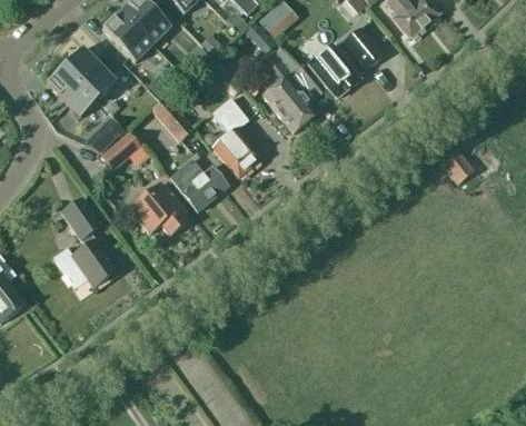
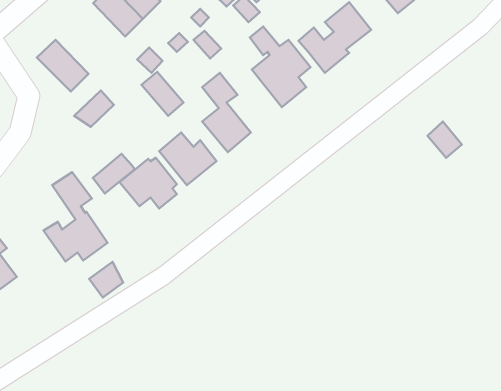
building: [64,47,116,99] -> none
building: [99,131,141,171] -> [93,154,135,193]
building: none -> [89,262,123,297]

